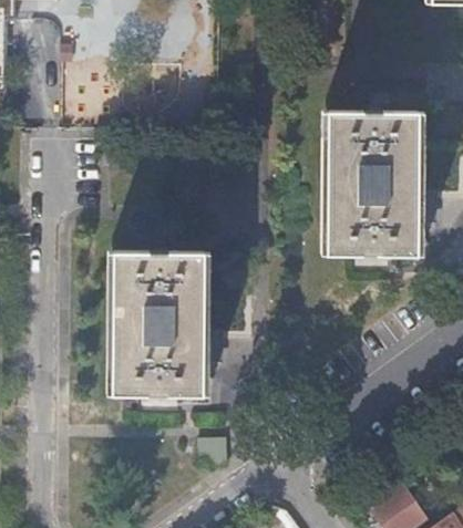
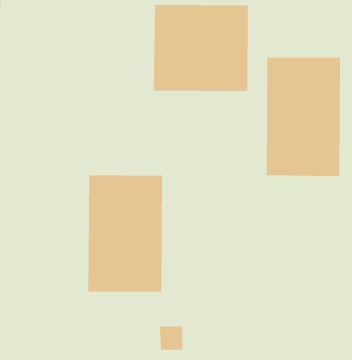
building: none -> [153,4,248,92]

